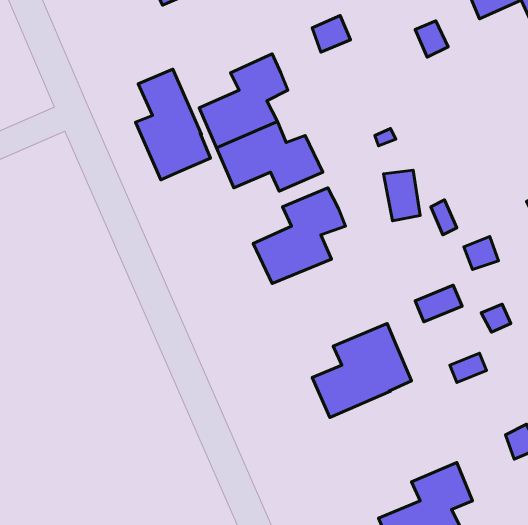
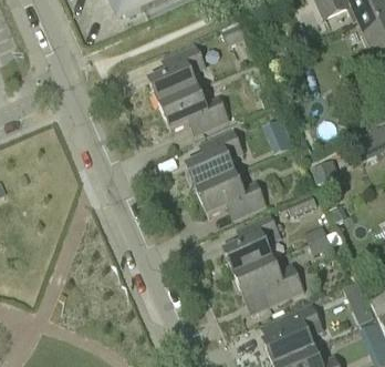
building: [136,69,210,180] -> none
building: none -> [195,173,262,215]
building: none -> [231,257,300,300]

